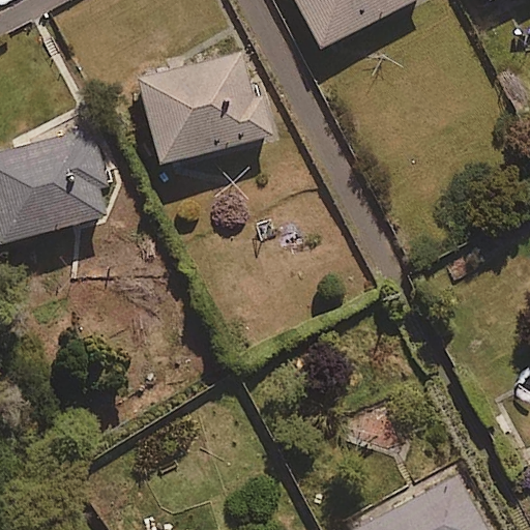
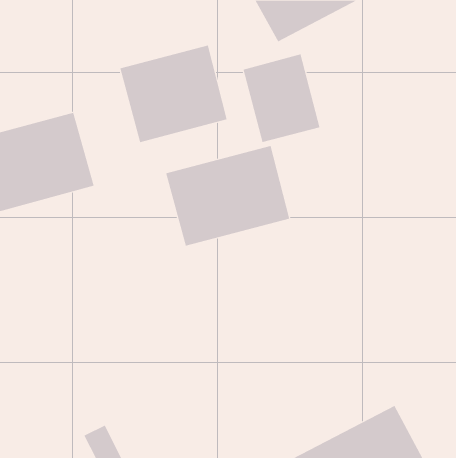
building: none -> [243,53,320,143]
building: none -> [165,145,290,246]

